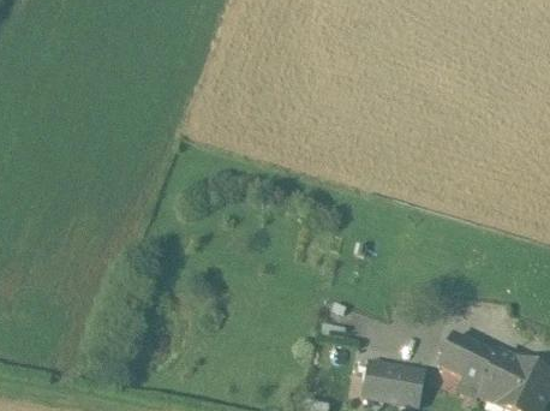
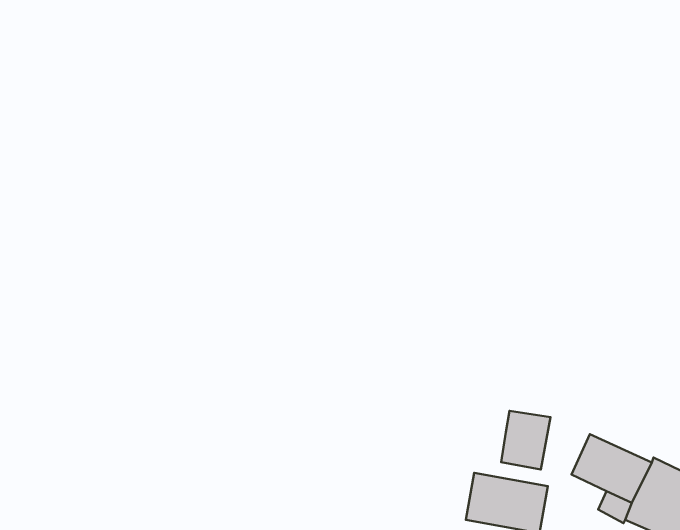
building: none -> [501,411,550,469]

